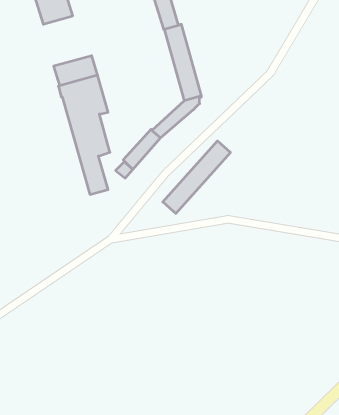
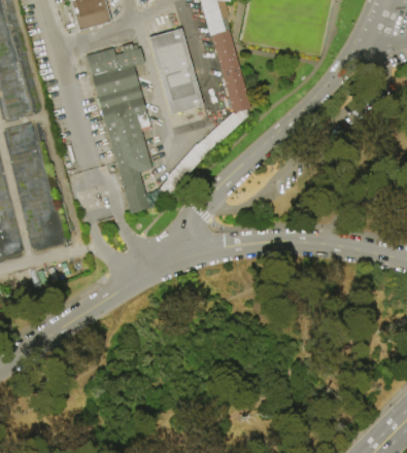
building: none -> [149,26,204,113]
building: none -> [87,41,145,74]
building: [163,141,230,213] -> none

